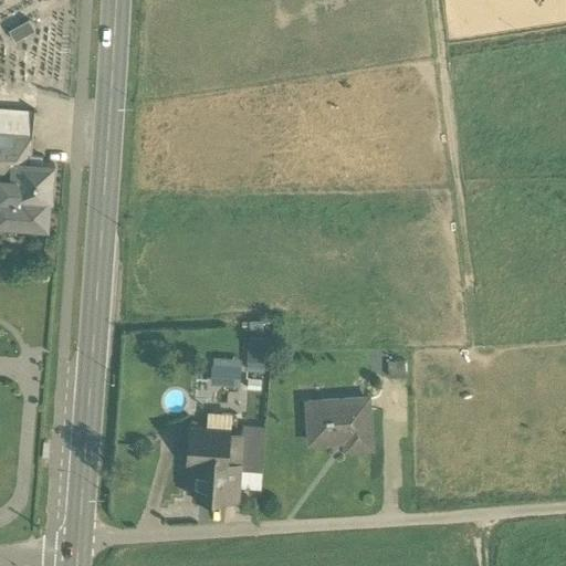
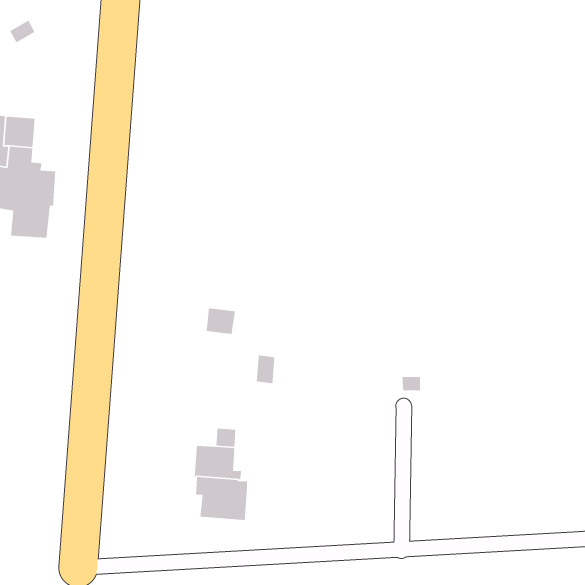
building: [210,360,239,387] -> [206,307,236,335]
building: [305,397,370,449] -> none
building: [238,427,264,472] -> none

